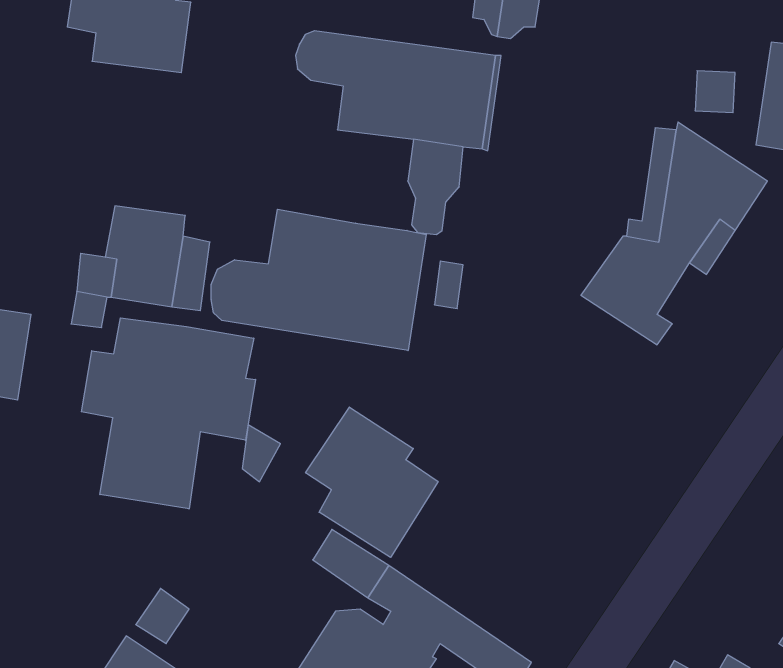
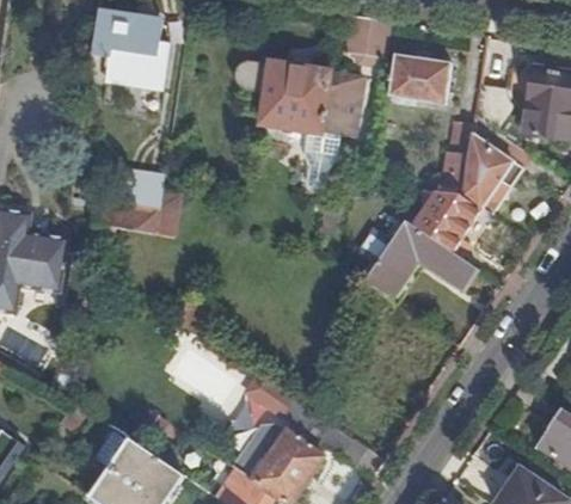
building: none -> [388,54,450,103]
building: [211,209,426,351] -> none
building: none -> [363,220,471,299]
building: [81,318,256,509] -> none
building: [306,407,438,557] -> none

